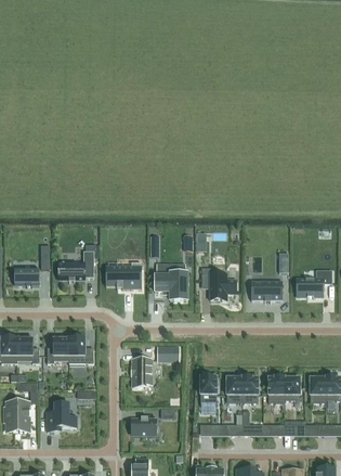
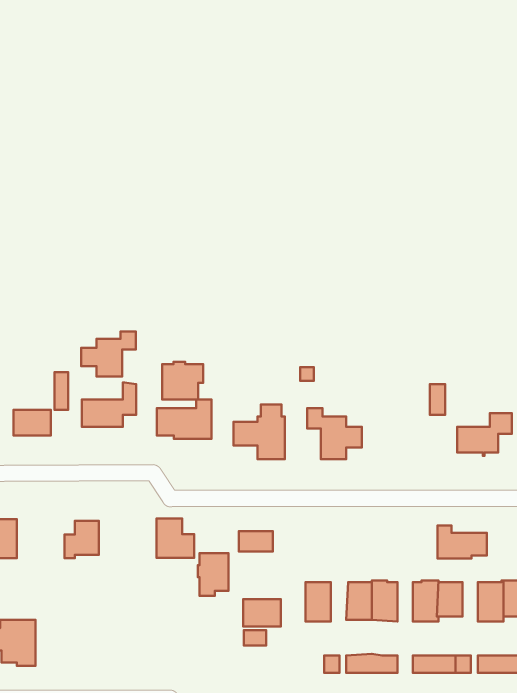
building: none -> [81,331,136,377]
building: none -> [162,362,203,400]
building: [251,281,283,301] -> none
building: [69,337,93,362] -> [157,519,194,558]
building: [17,338,39,362] -> none
building: none -> [438,526,487,558]
building: [48,402,77,430] -> none
building: [132,416,156,434] -> [243,599,281,627]

